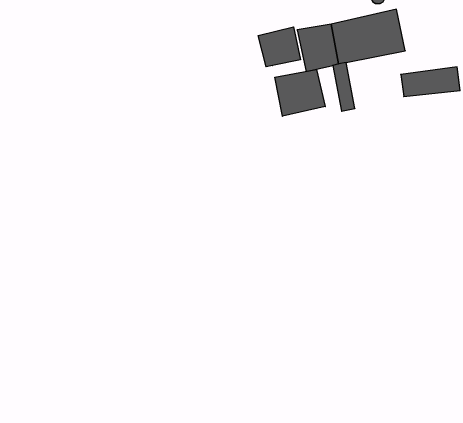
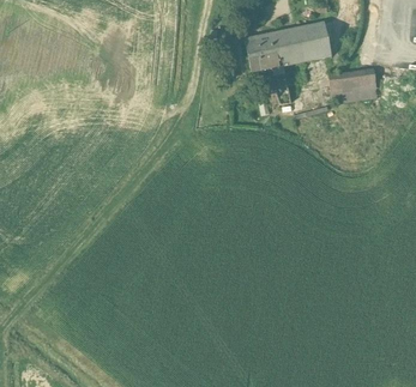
building: [258,27,300,67] -> none
building: [275,70,325,116] -> none

